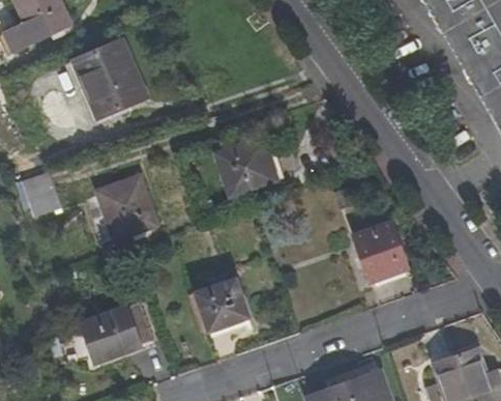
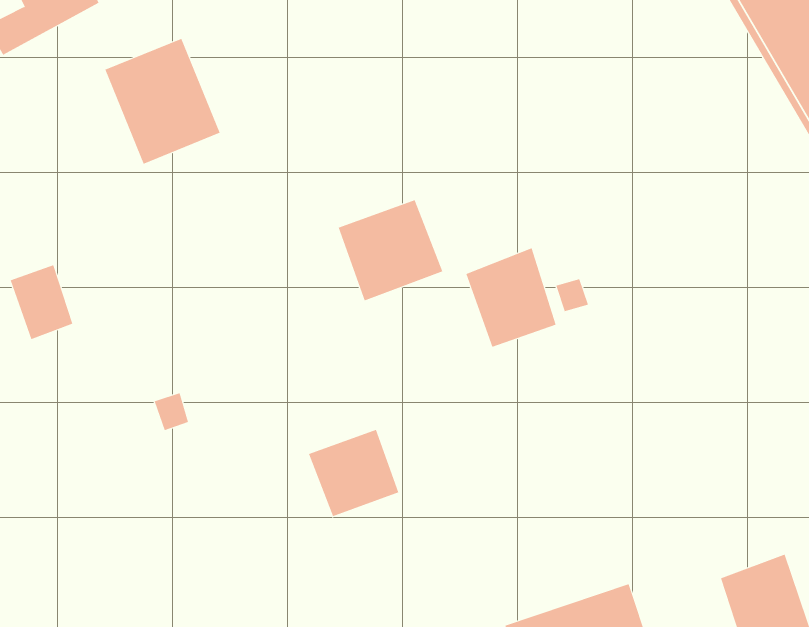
building: [93,183,155,251] -> none
building: [354,224,408,283] -> [465,248,557,348]
building: [81,300,153,360] -> none

